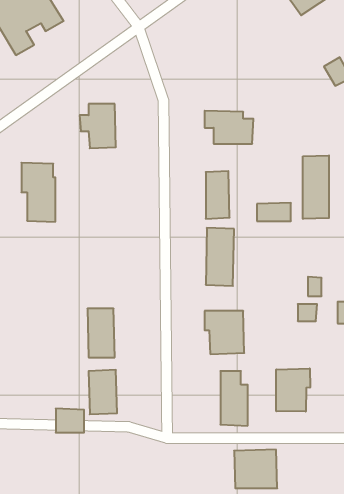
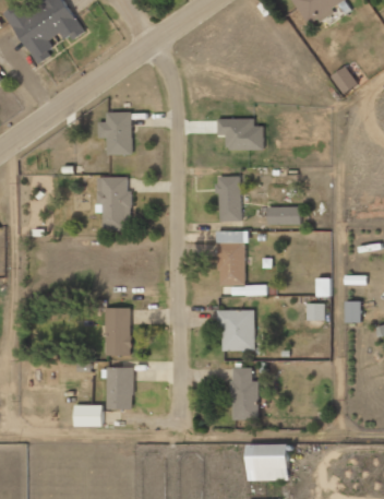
building: [303,155,329,219] -> none
building: [21,163,55,222] -> [97,176,130,233]
building: [276,368,310,412] -> none

